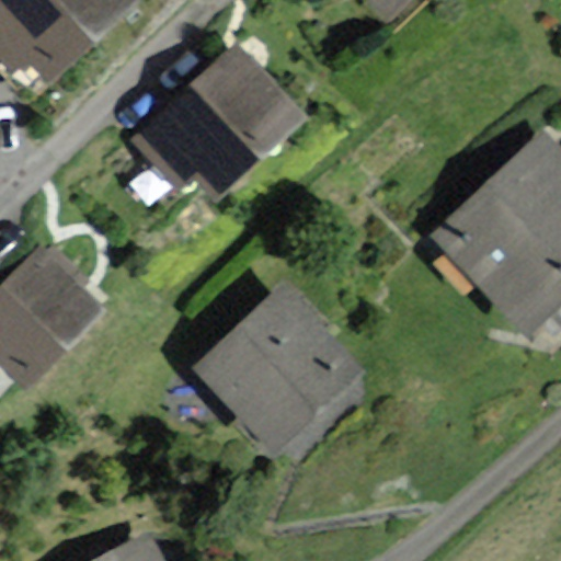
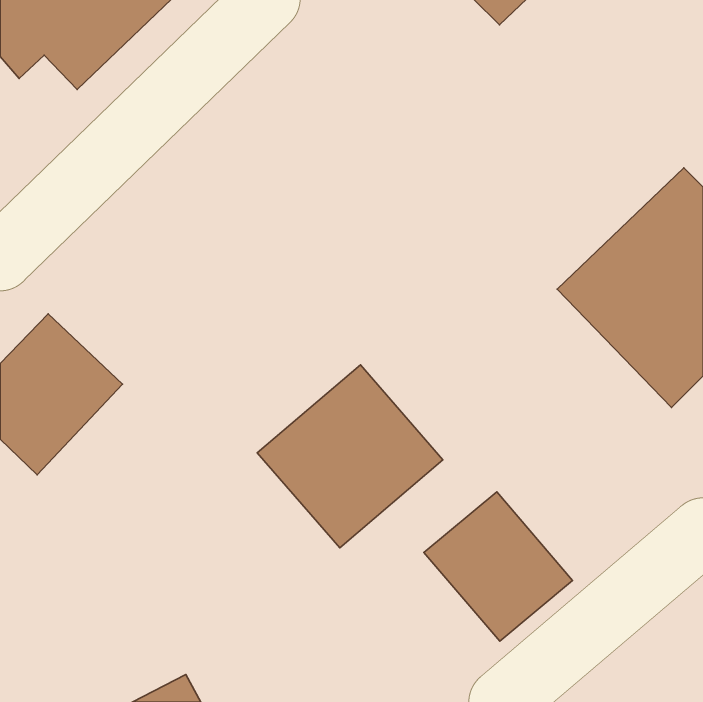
building: [144,46,300,186] -> none
building: none -> [424,492,572,641]

